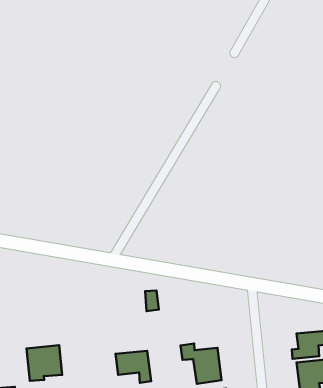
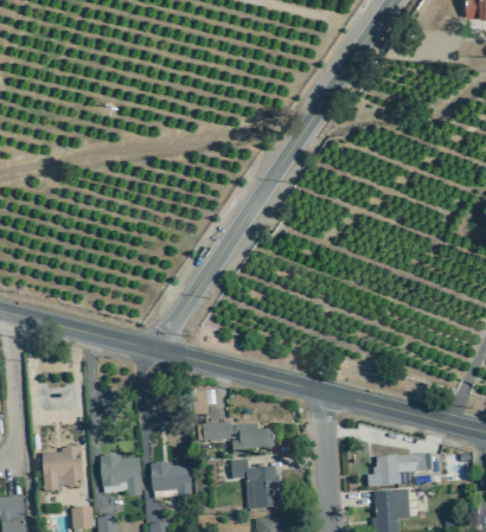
building: none -> [202,423,274,455]
building: none -> [101,456,141,496]

